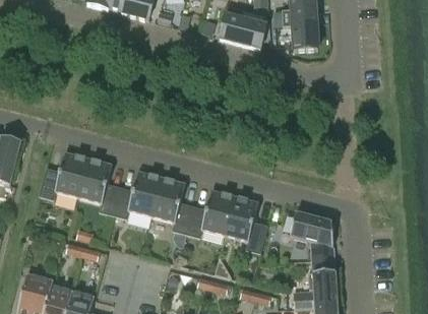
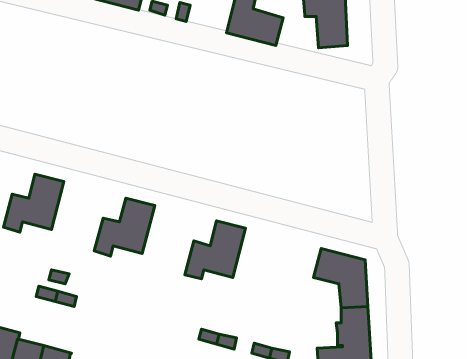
building: [78,158,120,213] -> none
building: [151,177,193,233] -> none
building: [225,195,266,252] -> none

